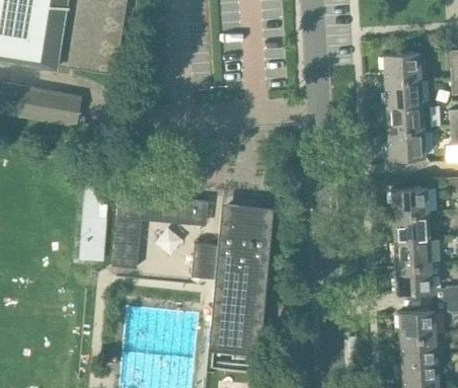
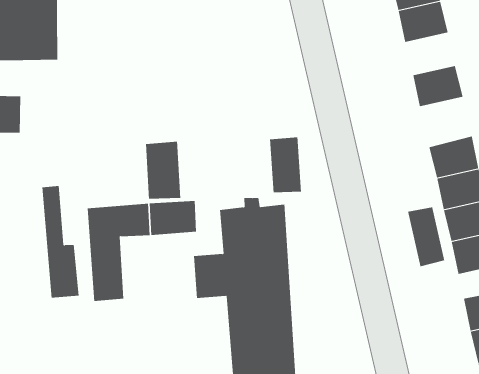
building: [387,104,432,133] -> none
building: none -> [145,141,181,199]
building: none -> [270,136,301,193]
building: none -> [407,206,445,267]

